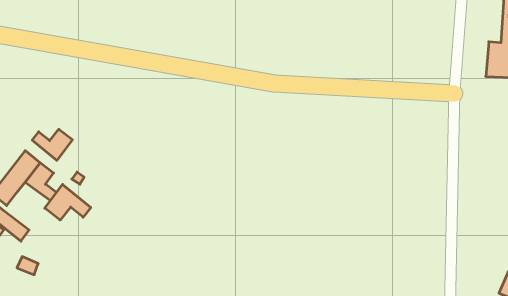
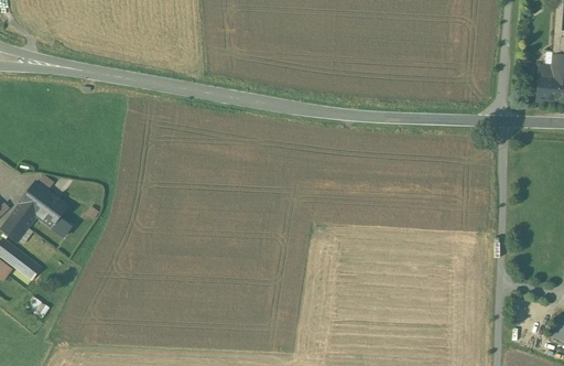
building: [32,129,72,160] -> none
building: [45,184,91,220] -> none

